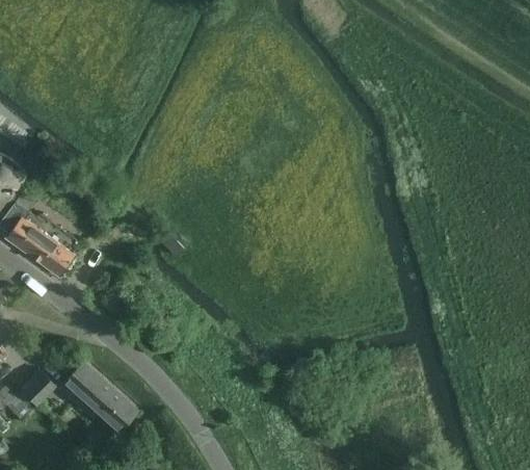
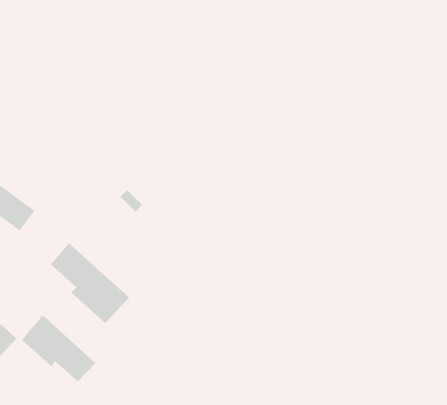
building: none -> [50,243,131,324]

